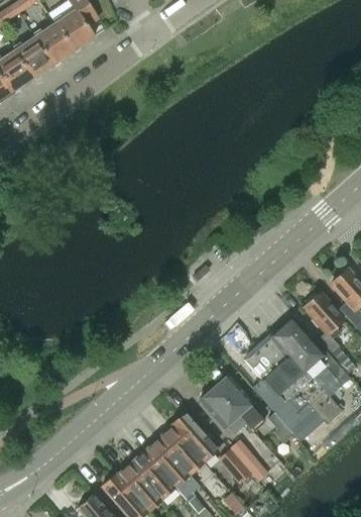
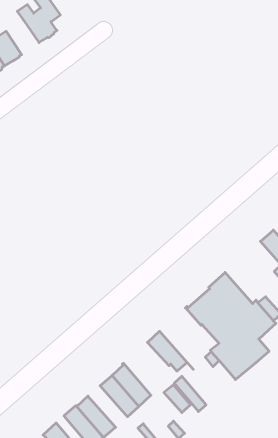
building: [33,24,72,65] -> none
building: [304,294,343,339] -> none
building: [213,376,264,432] -> none
building: [170,413,217,462] -> none
building: [129,451,175,500] -> none

